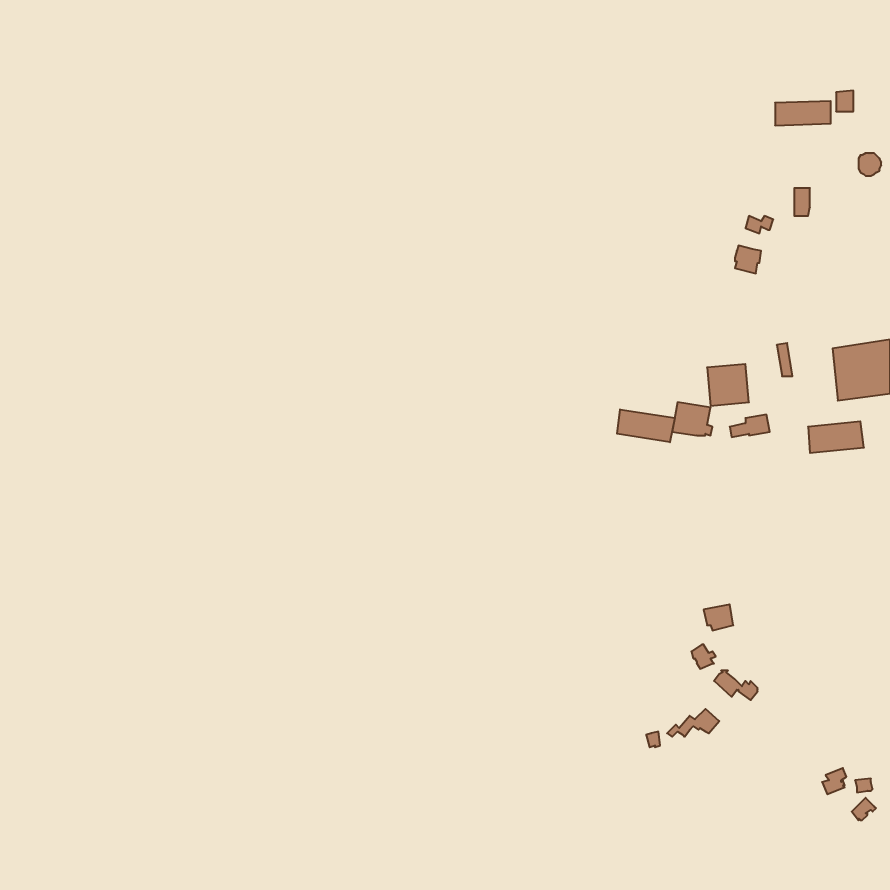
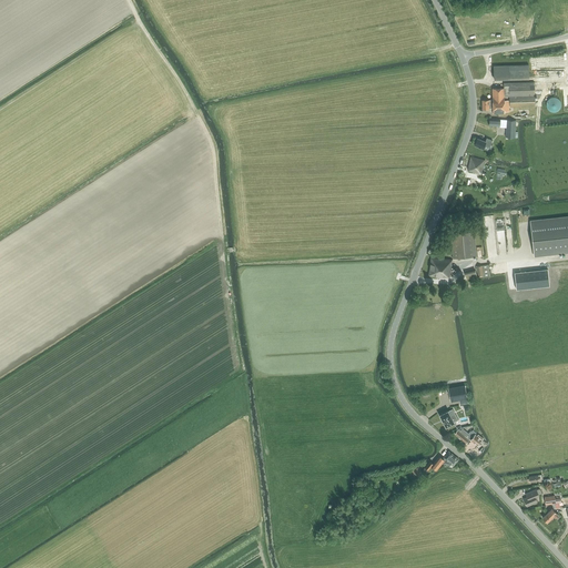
building: none -> [483,82,535,114]
building: [617,409,675,442] -> none

